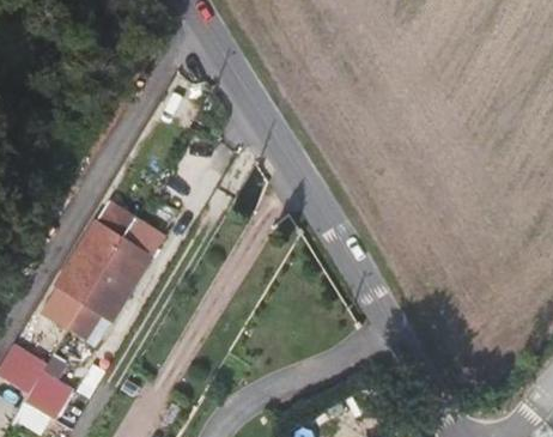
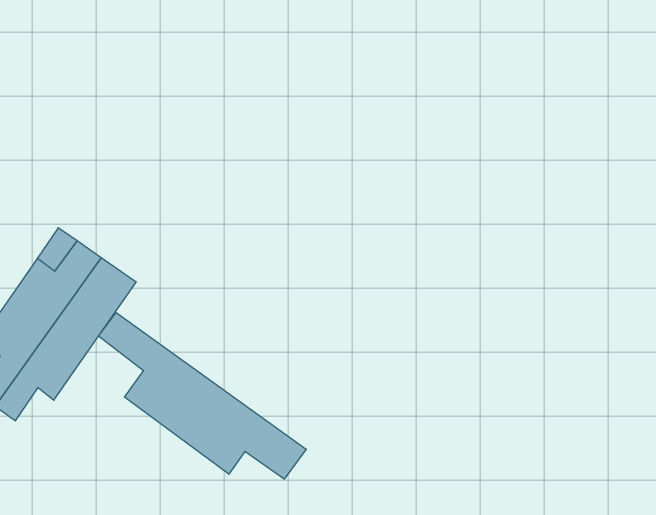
building: none -> [99,313,306,479]

